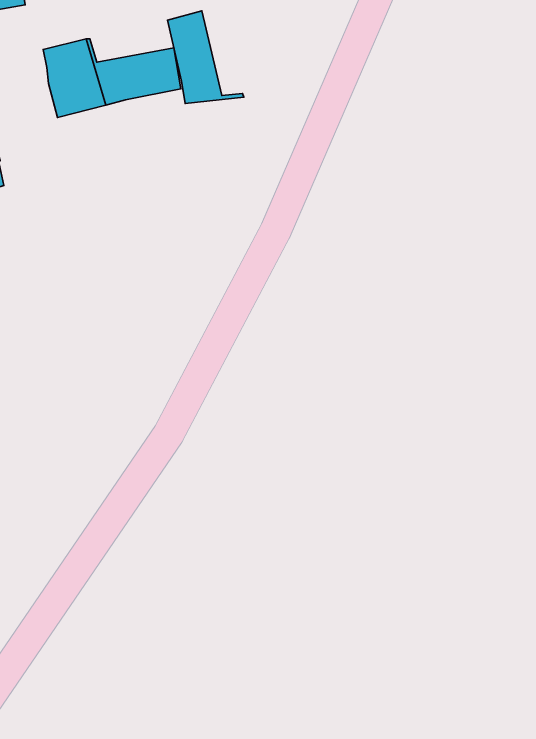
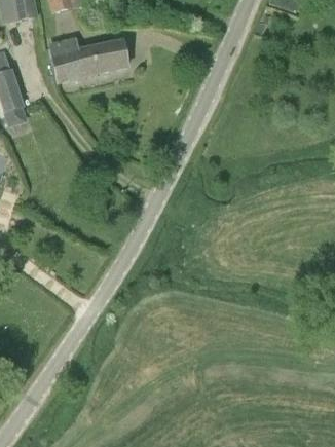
building: [167,11,244,104] -> none

